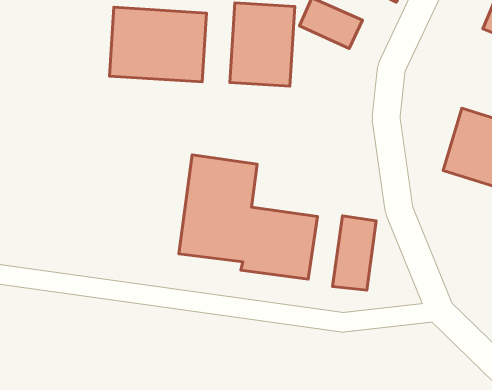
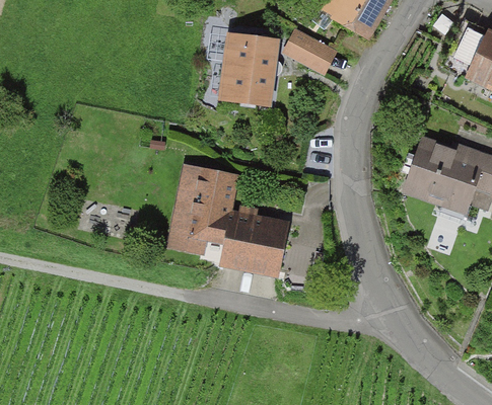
building: [109,7,206,82] -> none
building: [332,216,376,290] -> none

